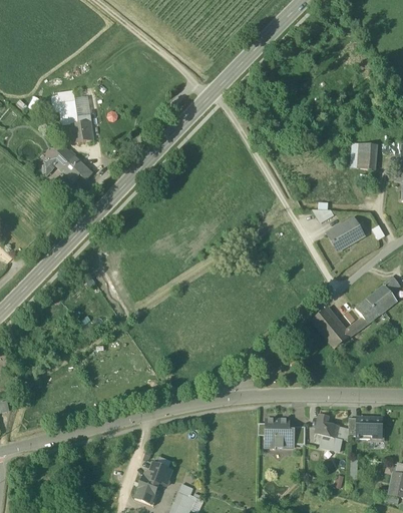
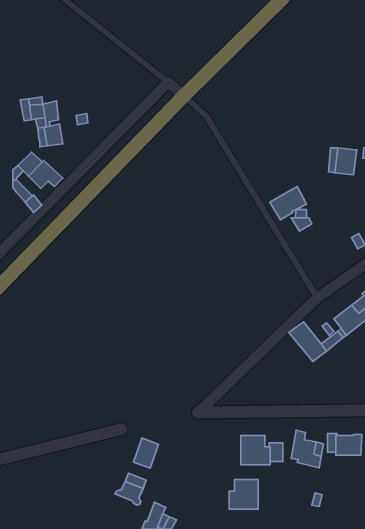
building: [328,218,363,250] -> [270,187,306,220]
building: none -> [229,479,258,509]
building: [135,475,159,504] -> [133,438,158,468]

